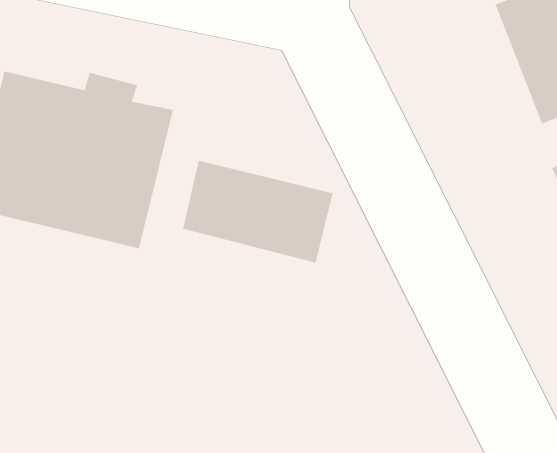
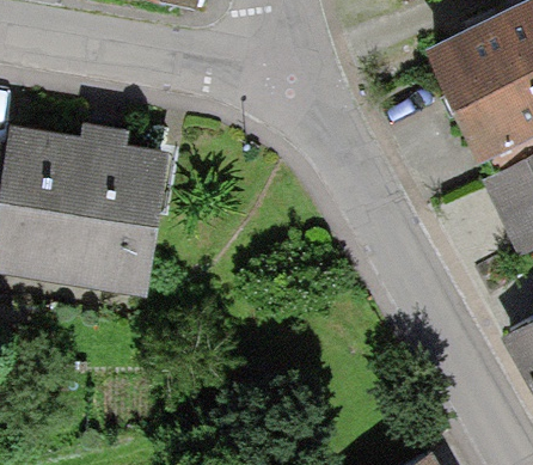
building: [182,160,333,264] -> none

